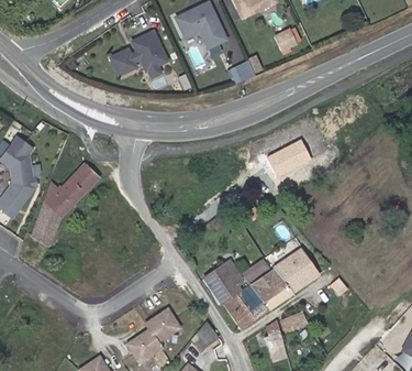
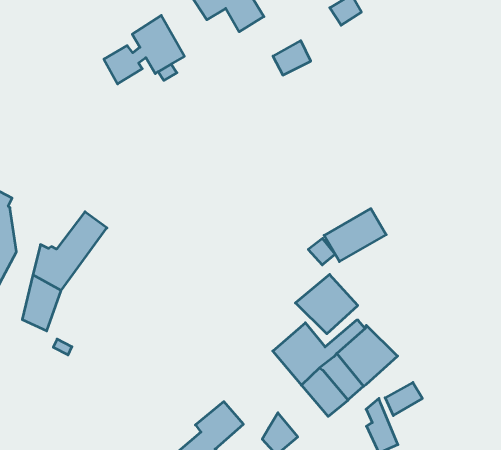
building: [266,141,310,176] -> [324,209,386,262]
building: [275,249,319,291] -> [295,274,358,334]

